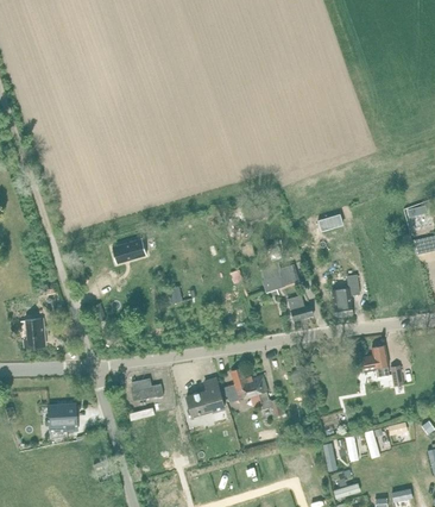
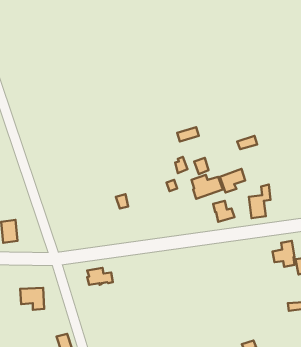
building: [112,239,146,264] -> none
building: none -> [220,169,245,193]
building: [225,368,282,417] -> none
building: [187,378,225,418] -> none

